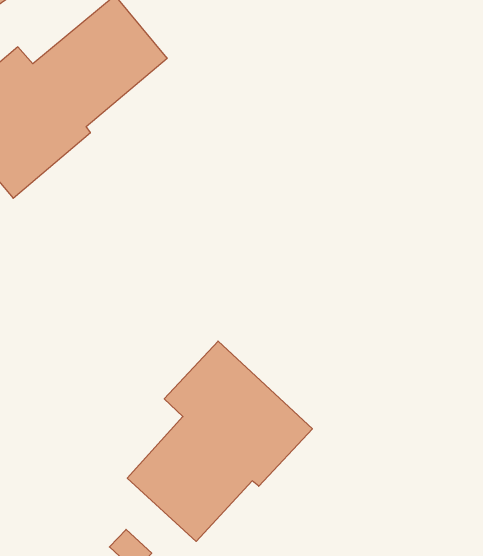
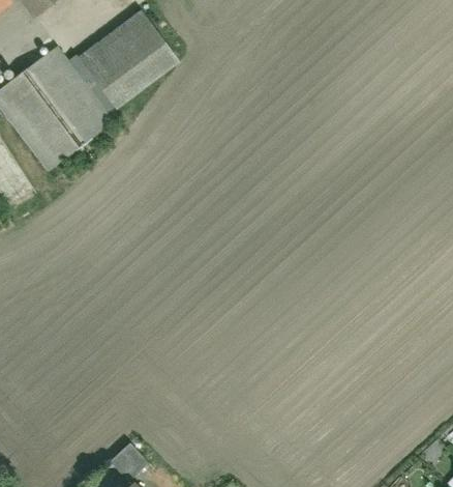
building: [127,341,312,541] -> none

